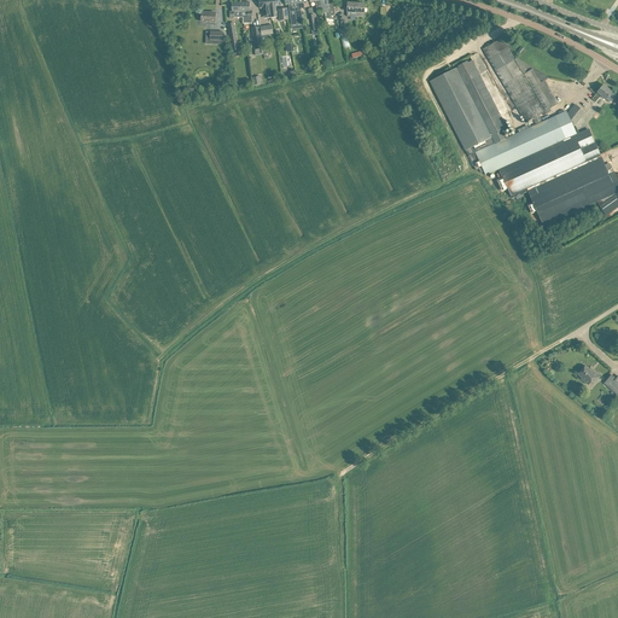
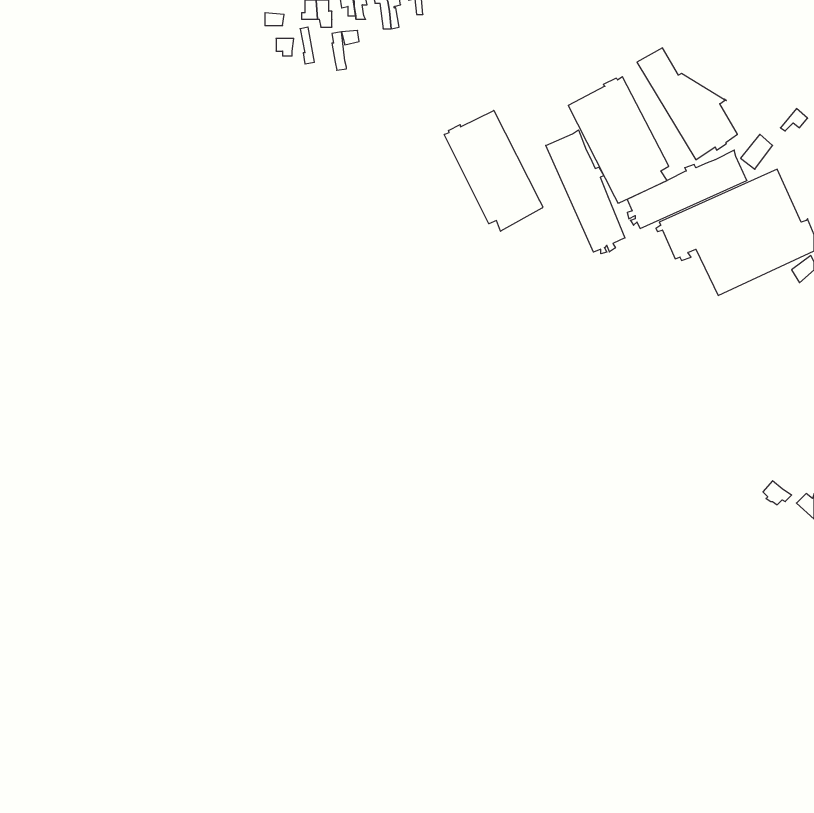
building: none -> [444,110,543,231]
building: none -> [546,130,625,254]

